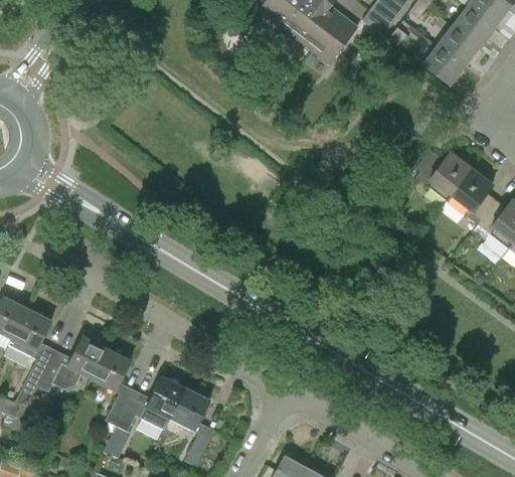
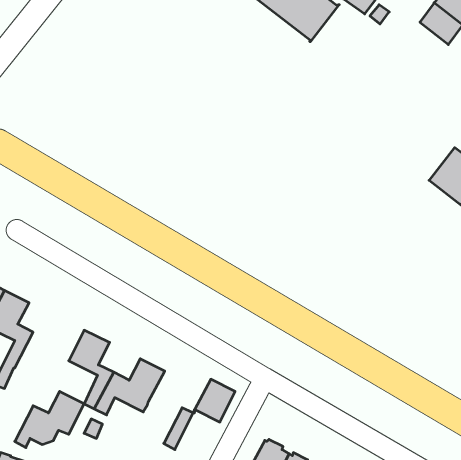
building: [421,44,465,86] -> none
building: [415,152,471,200] -> none
building: [37,336,106,391] -> [15,391,84,448]
building: [168,388,209,431] -> [193,379,235,422]

